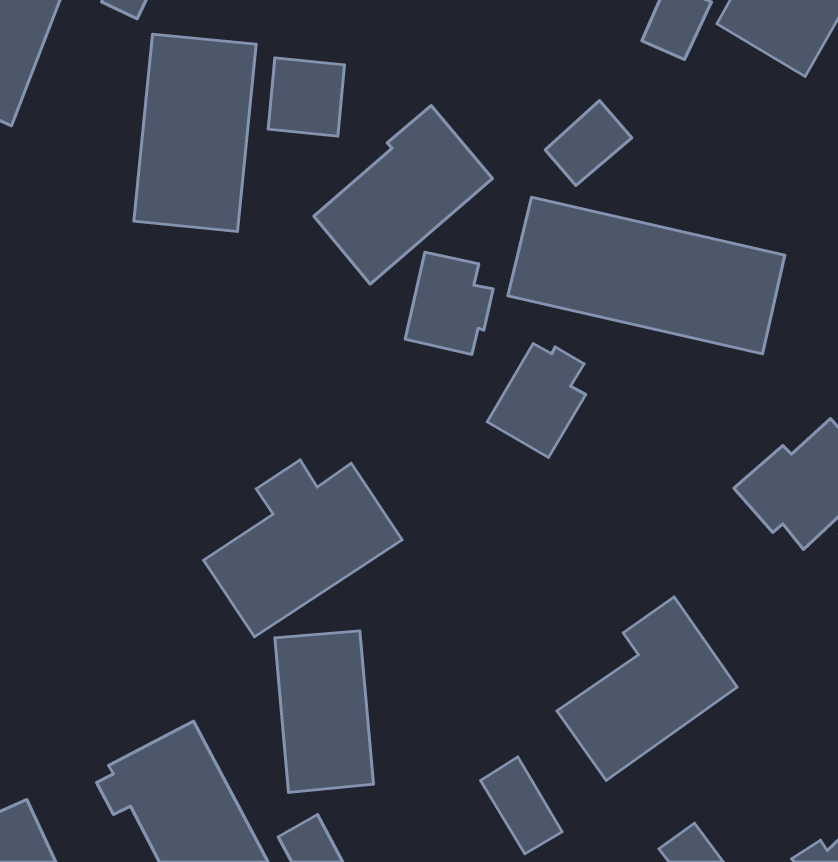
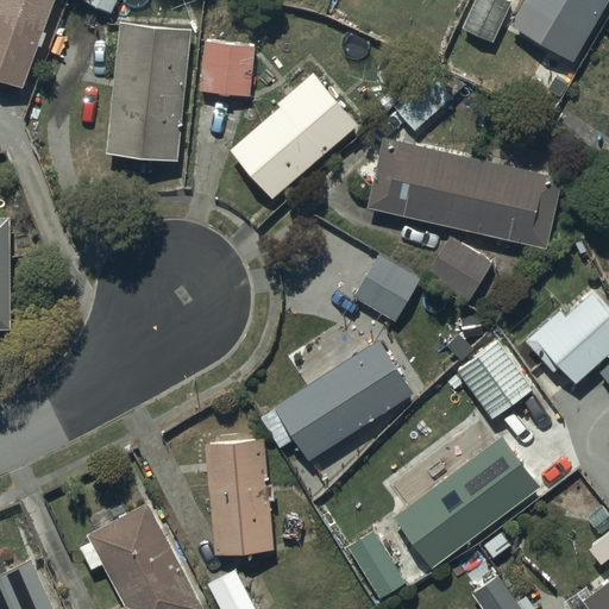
building: [405,252,493,354] -> none
building: none -> [426,238,491,303]
building: [203,460,402,637] -> [275,339,414,463]
building: none -> [457,343,533,420]

